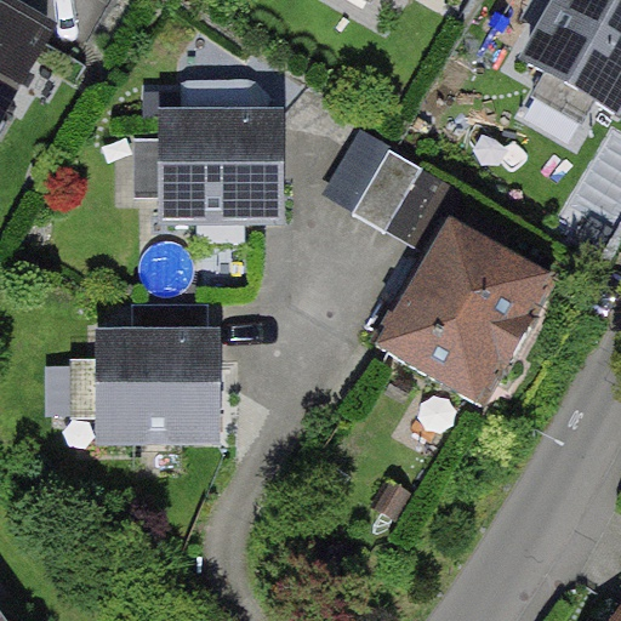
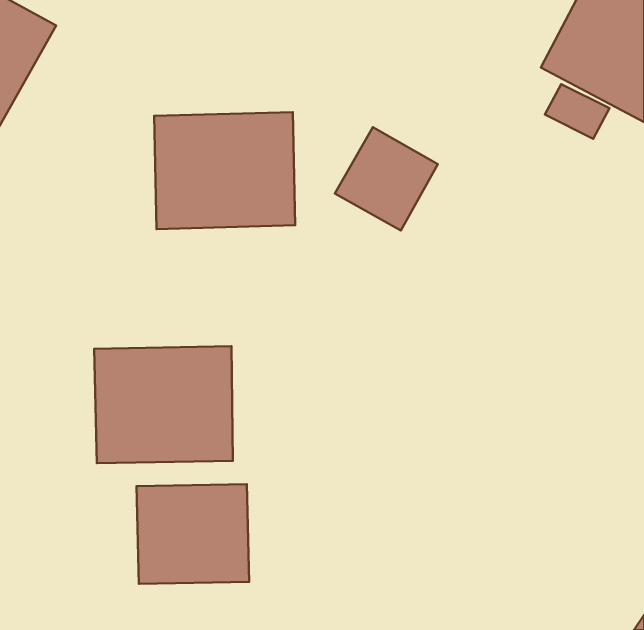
building: [372,216,562,418] -> none
building: none -> [137,484,249,584]

